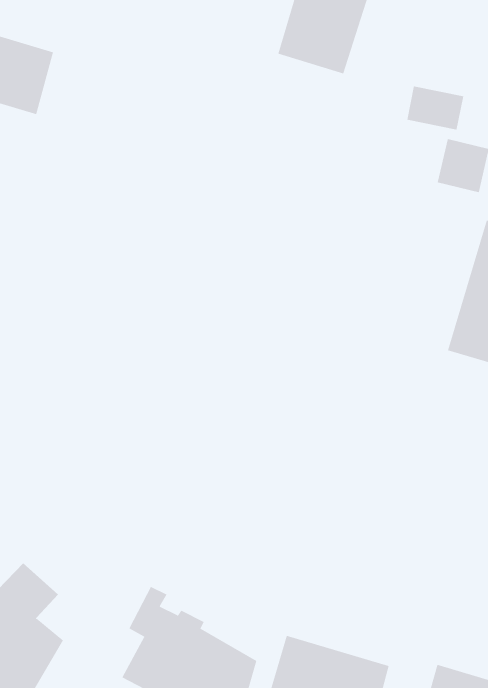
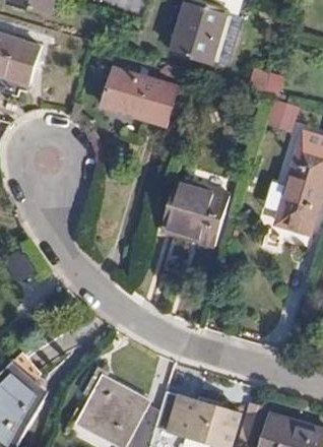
building: none -> [102,70,176,125]
building: none -> [162,180,230,245]

